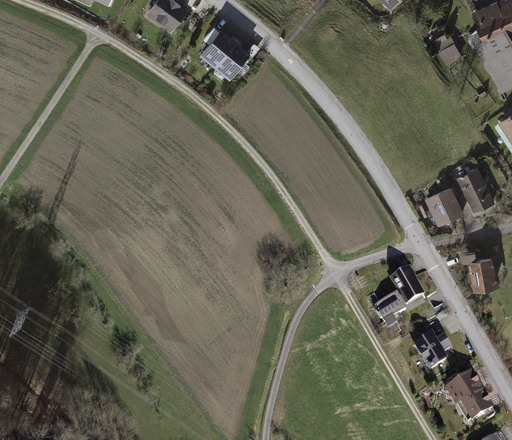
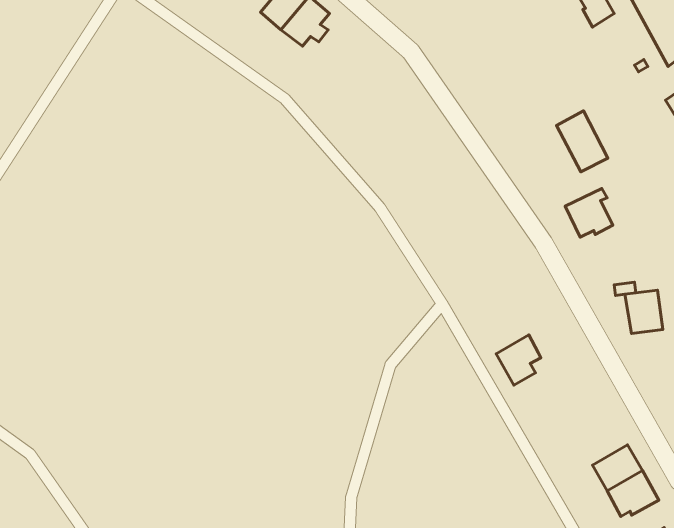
building: [457,167,495,212] -> [556,111,608,172]
building: [390,267,425,305] -> none
building: [413,333,452,372] -> none

